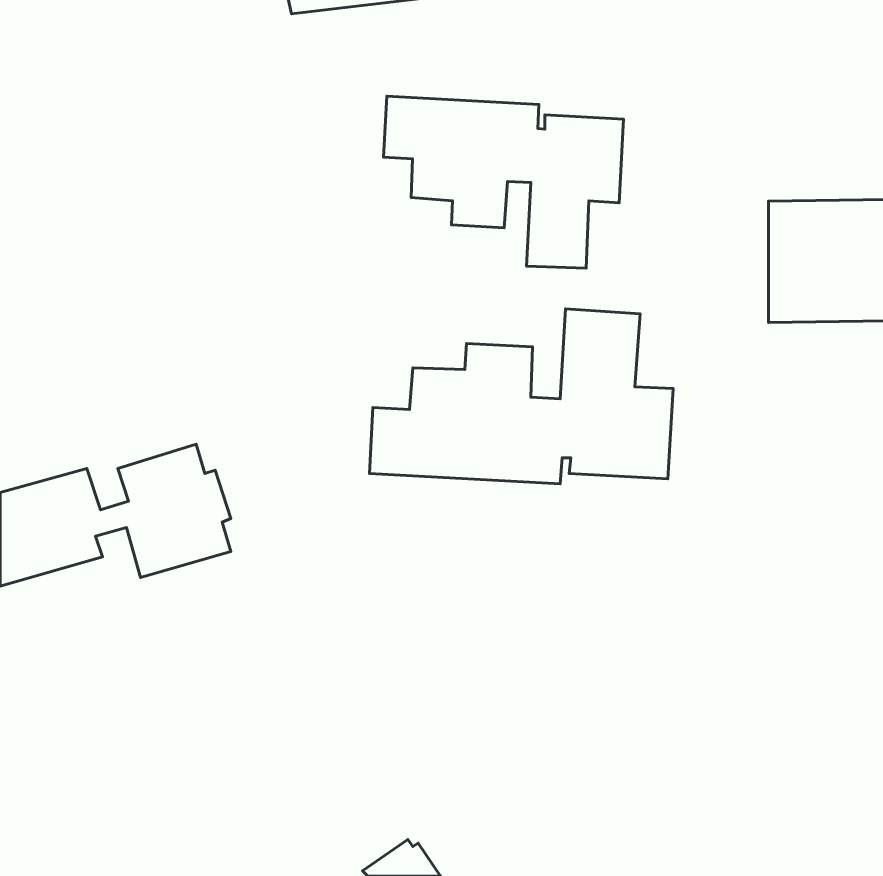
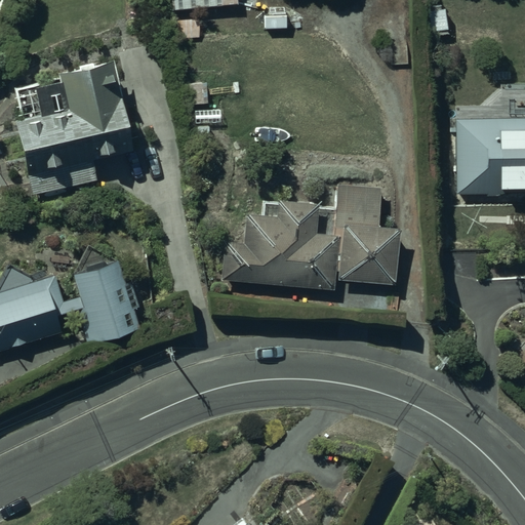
building: [383,96,624,268] -> none
building: none -> [15,68,132,193]

